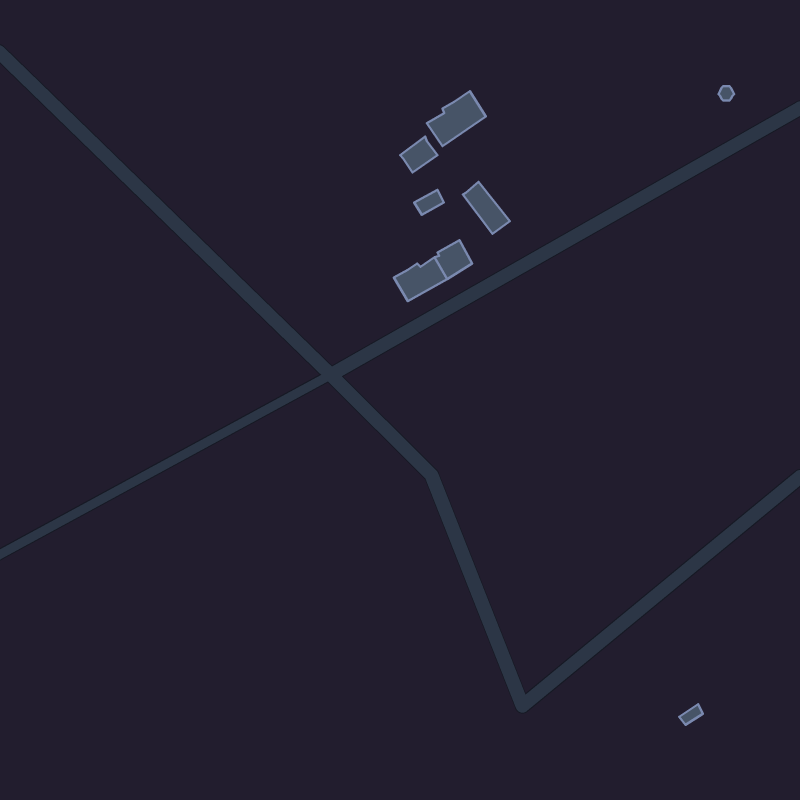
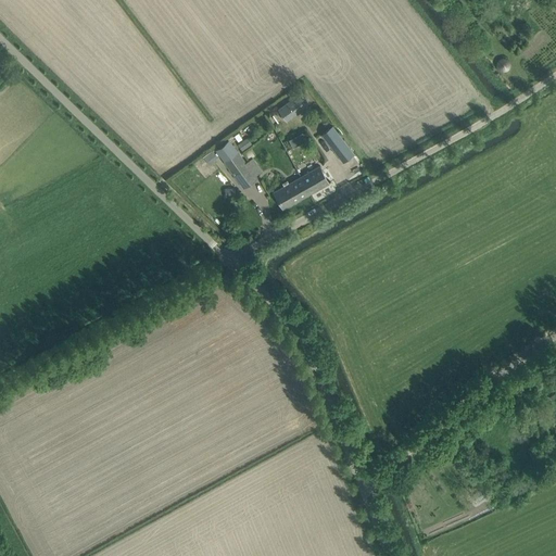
building: [427,91,486,146] -> none
building: none -> [224,152,257,189]

